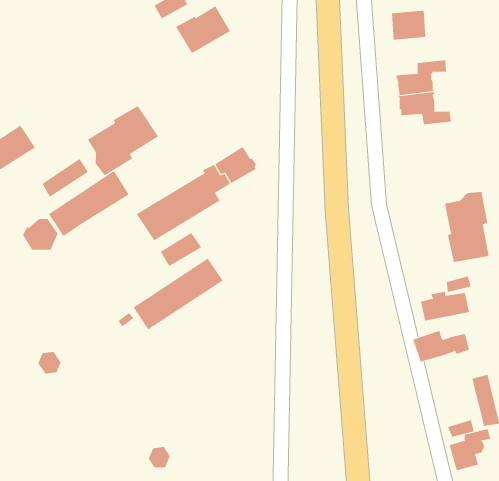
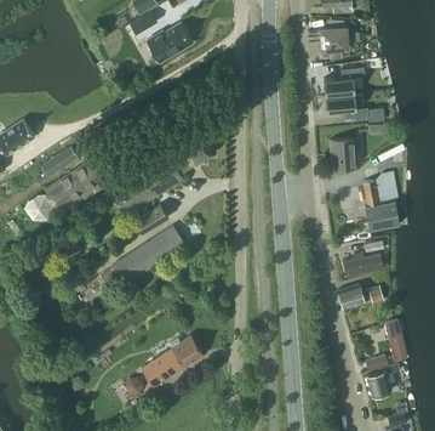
building: [87,105,159,176] -> none
building: none -> [330,140,360,170]
building: none -> [142,338,202,387]

